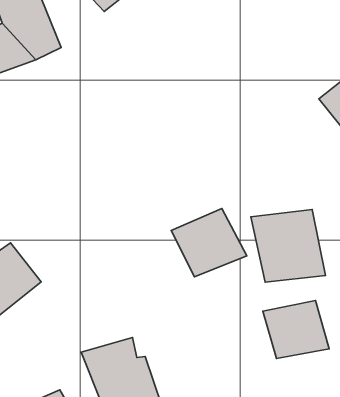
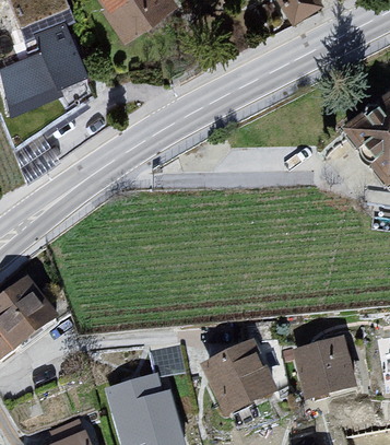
building: [171,208,247,277] -> [200,342,279,413]
building: [251,209,326,282] -> none

